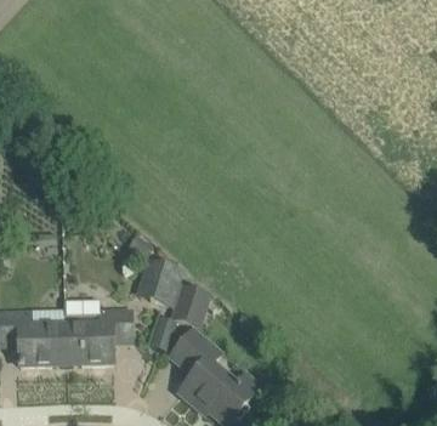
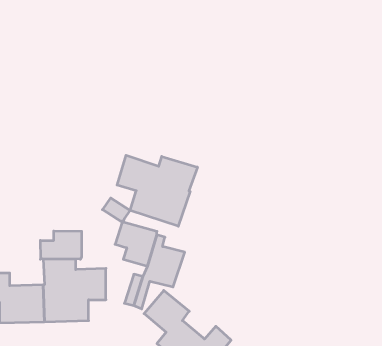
building: none -> [117,155,197,226]
building: none -> [40,231,82,259]

